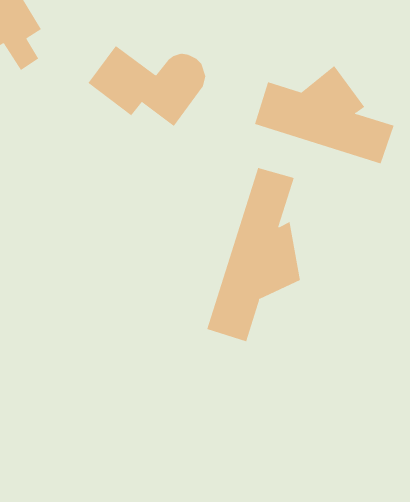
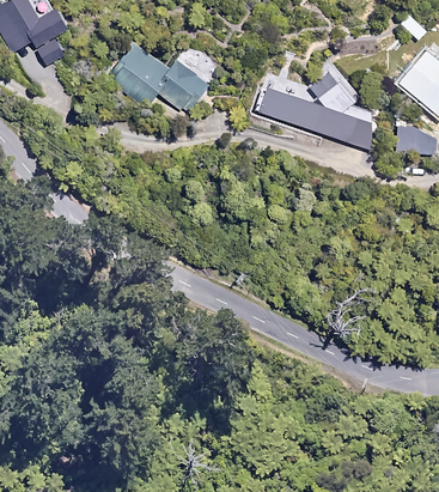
building: [207,167,301,342] -> none

